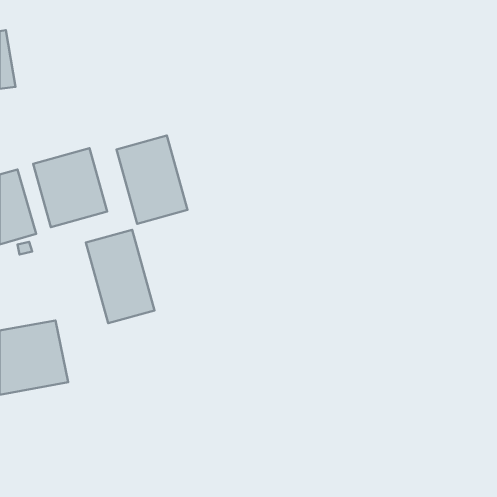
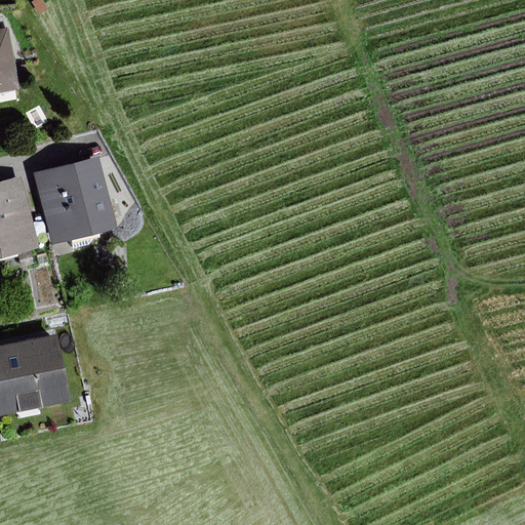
building: [117,136,188,224] -> none
building: [86,230,154,323] -> none

